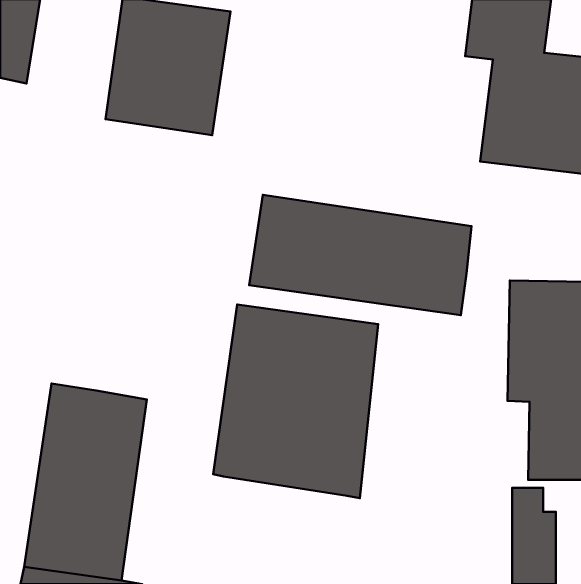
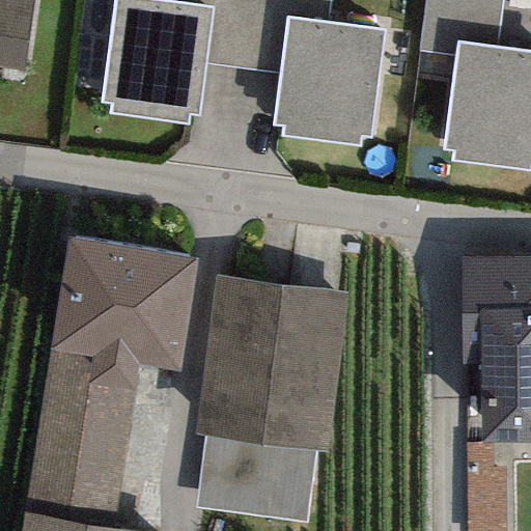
building: none -> [279,23,384,148]
building: [249,195,471,315] -> none
building: none -> [51,236,199,369]
building: none -> [199,431,318,520]

